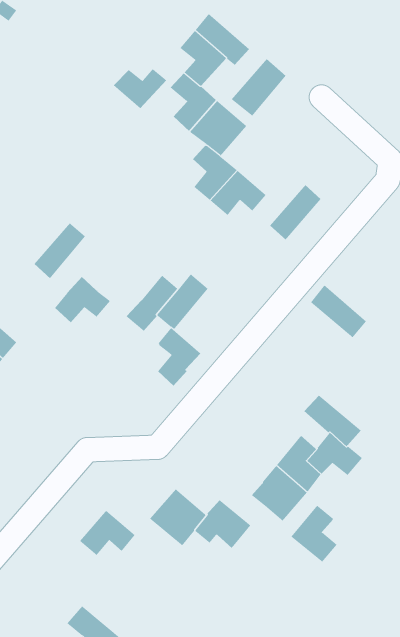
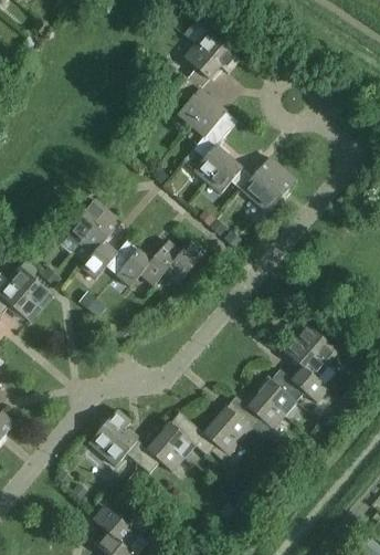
building: [231,58,287,117] -> none
building: [113,68,167,109] -> none
building: none -> [241,156,283,200]
building: none -> [78,209,122,254]
building: [310,284,367,338] -> [294,322,339,365]
building: [157,327,201,386] -> [116,239,151,286]
building: none -> [88,409,130,453]
building: [291,505,338,563] -> [214,395,252,441]
building: none -> [136,436,184,473]

